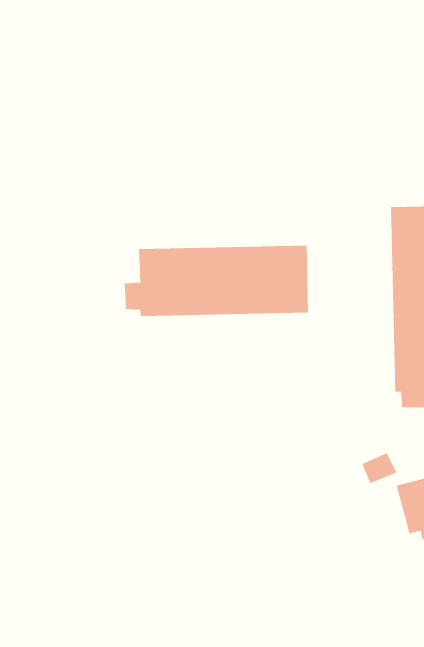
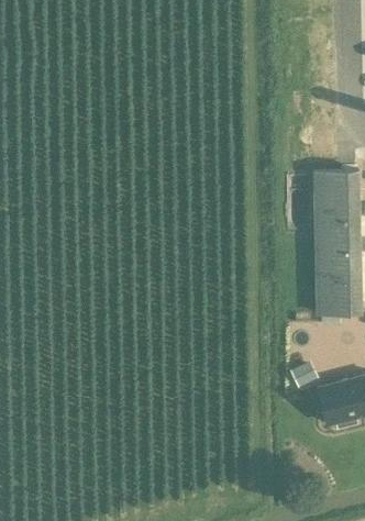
building: [124,245,309,317] -> none

